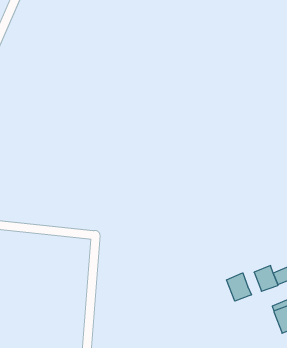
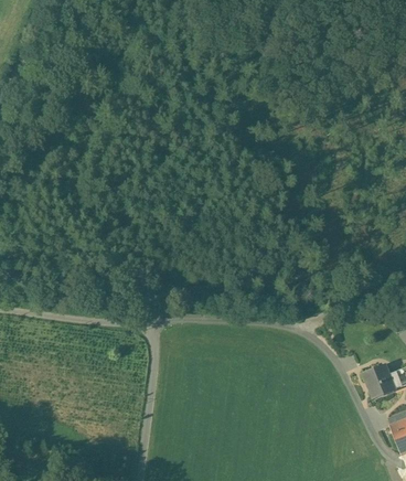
building: [227,273,251,301] -> none

